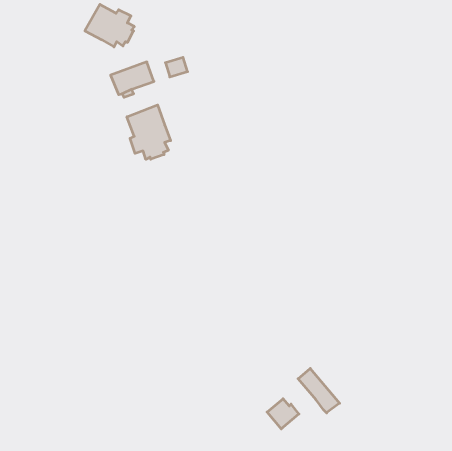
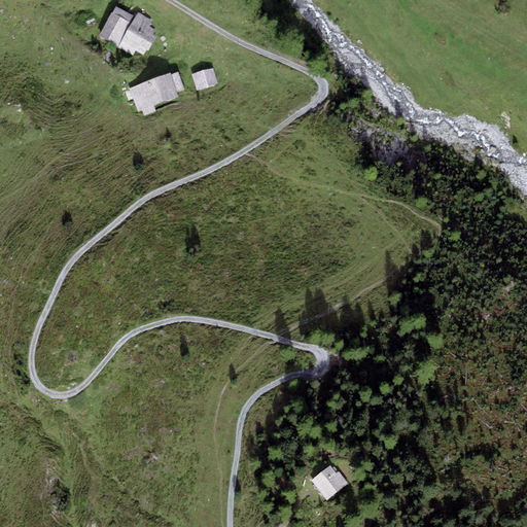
building: [127,105,171,159] -> none
building: [298,368,340,413] -> none

